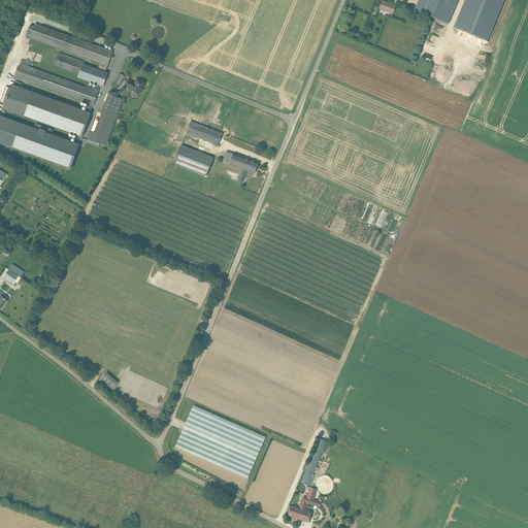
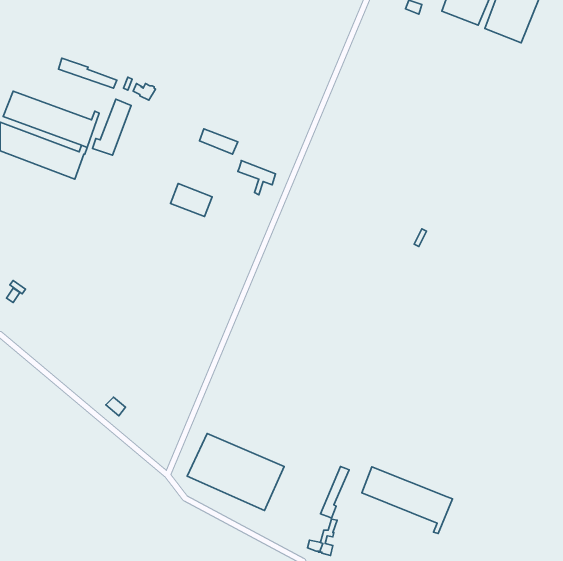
building: [26,23,113,71] -> none
building: [13,58,99,106] -> none
building: [174,144,213,175] -> [170,184,212,217]
building: none -> [362,467,452,533]

